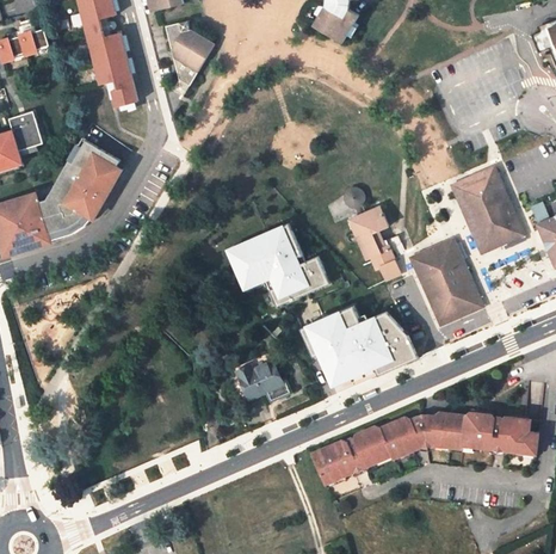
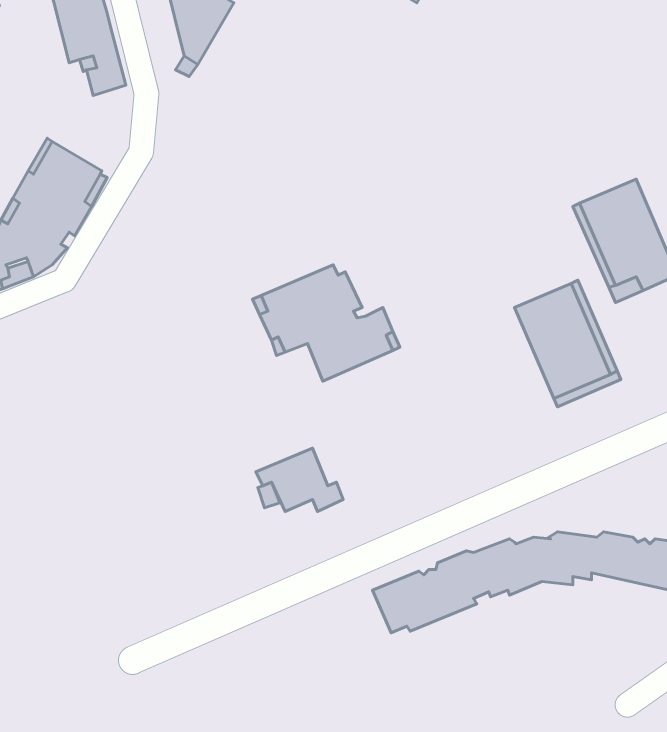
building: [344,190,399,279] -> none
building: [298,304,416,386] -> none

